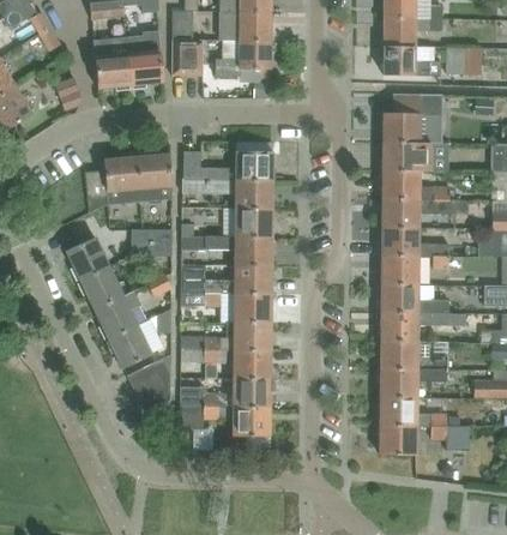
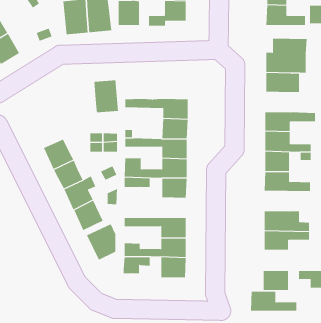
building: [181,150,272,180] -> none
building: [84,155,140,211] -> none
building: [381,169,454,199] -> none
building: [380,311,447,339] -> none
building: [180,320,270,349] -> none
building: [379,396,446,425] -> [250,291,297,311]

